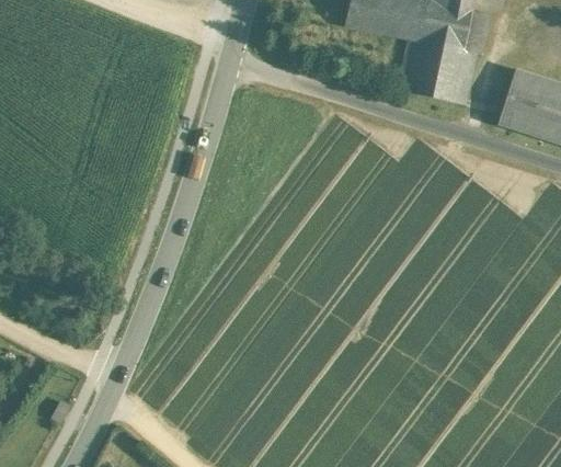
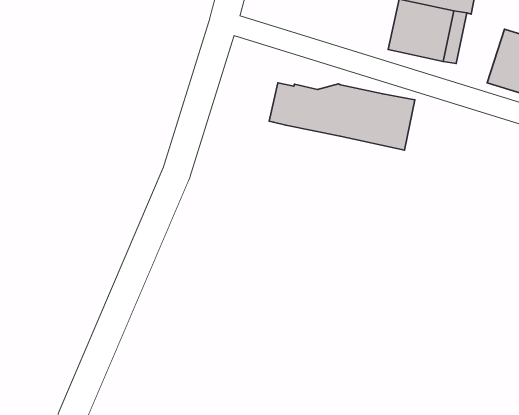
building: none -> [269,83,415,150]

